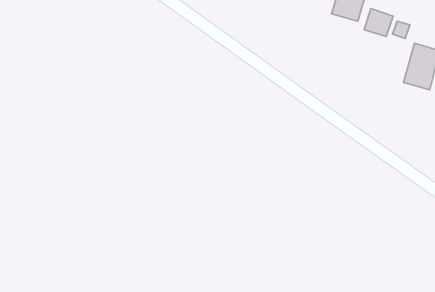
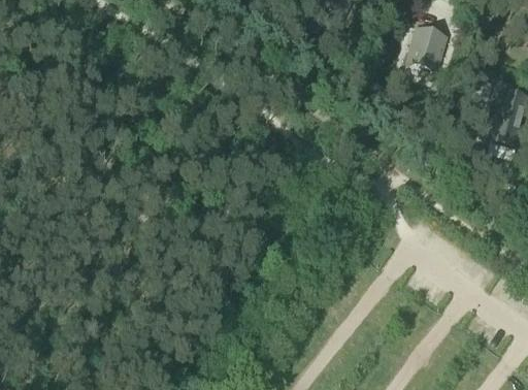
building: [364,8,393,36] -> none

